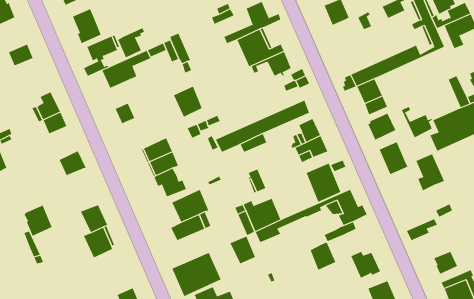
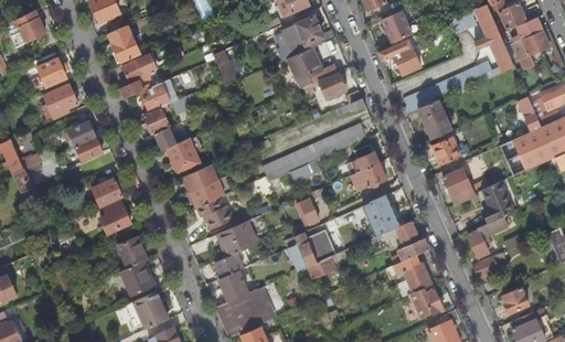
building: none -> [377,39,419,75]
building: [118,28,145,58] -> [143,101,173,135]
building: none -> [43,83,78,119]
building: [173,86,203,117] -> [167,138,199,172]
building: [401,106,433,138] -> none
building: none -> [468,216,507,258]
building: [24,205,52,236] -> [99,199,130,233]
building: [230,236,256,264] -> [218,270,247,301]
building: [310,242,336,270] -> [404,261,433,292]
building: none -> [129,291,169,332]

